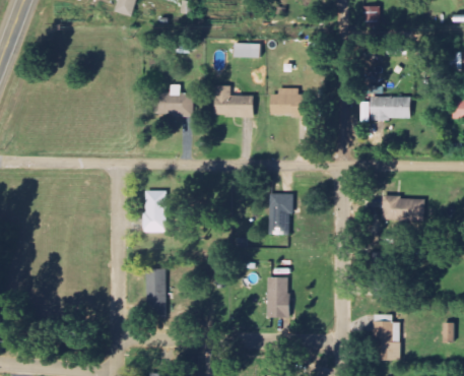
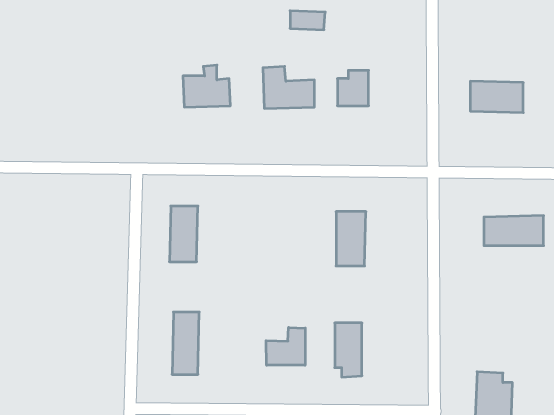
building: none -> [266,327,305,365]

